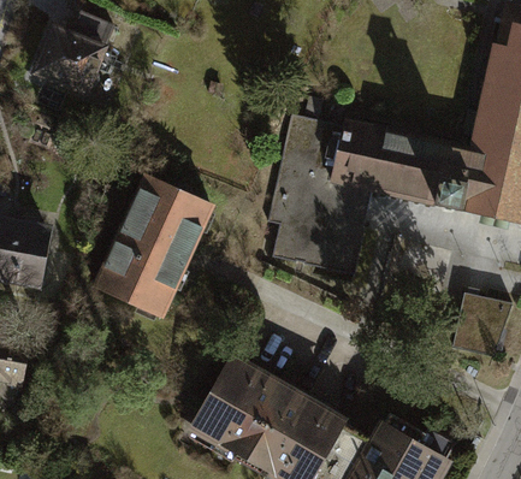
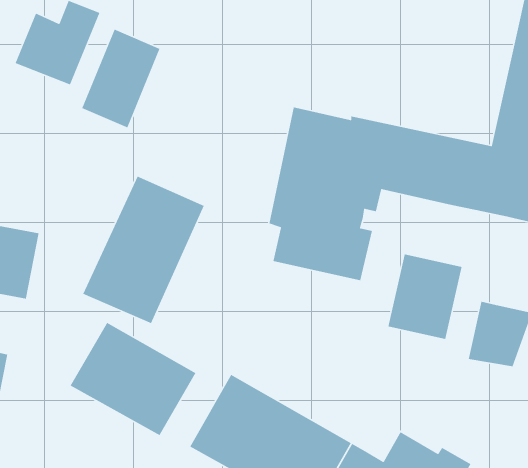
building: none -> [81,29,160,128]
building: none -> [388,254,463,340]
building: none -> [69,322,196,436]

